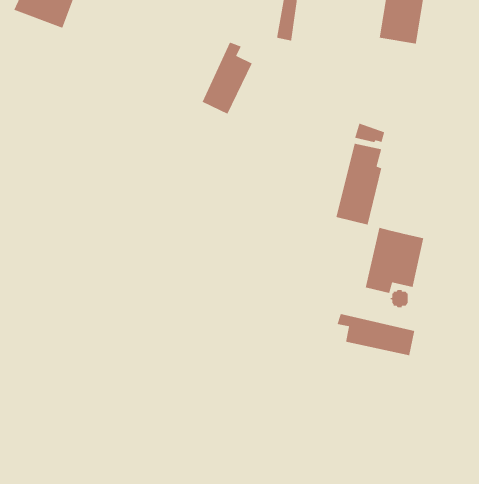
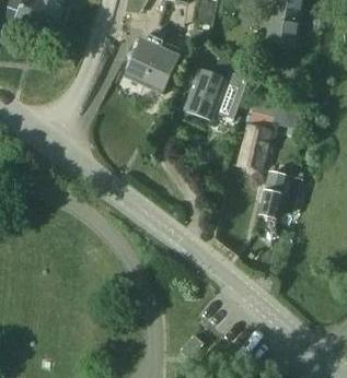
building: none -> [127,36,165,83]
building: none -> [186,67,251,118]
building: [336,313,415,356] -> none

